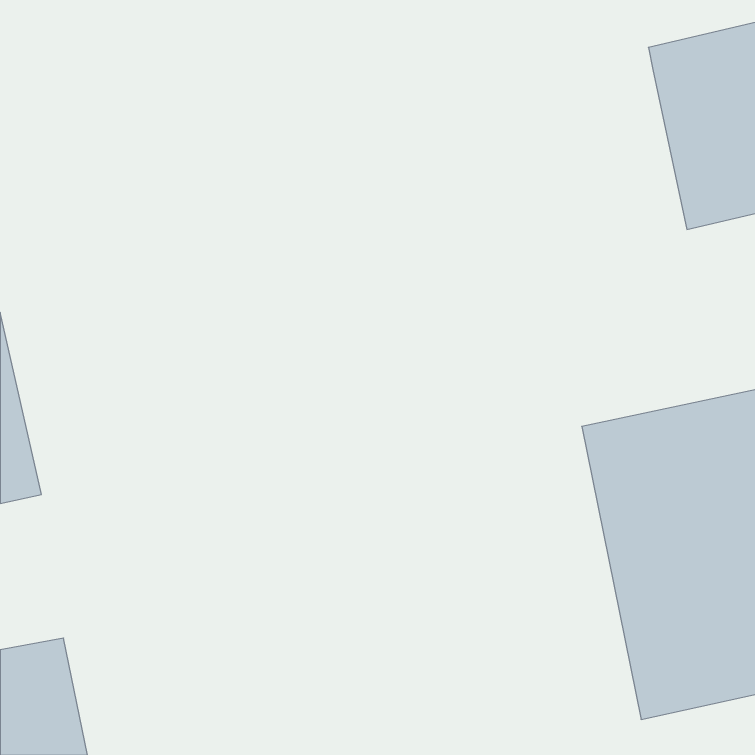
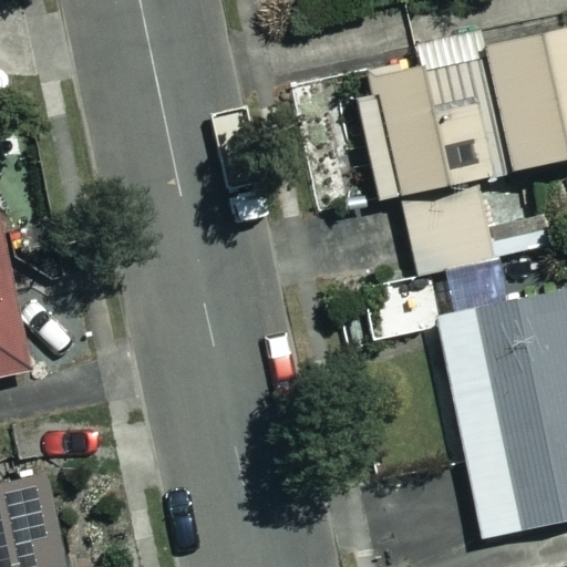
building: none -> [357,52,515,265]

